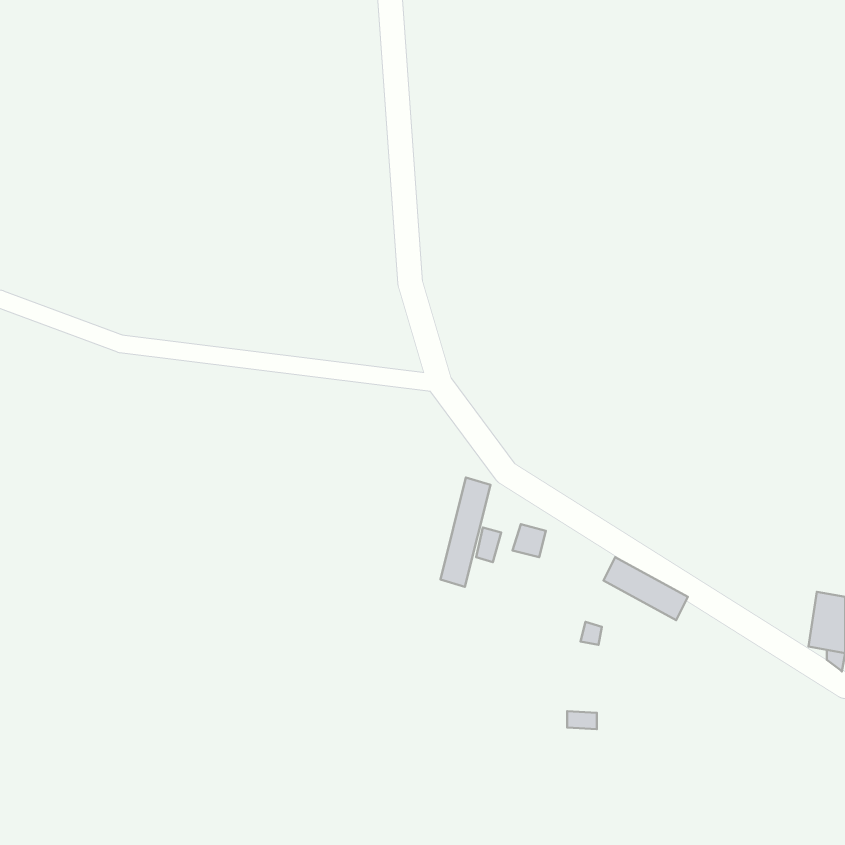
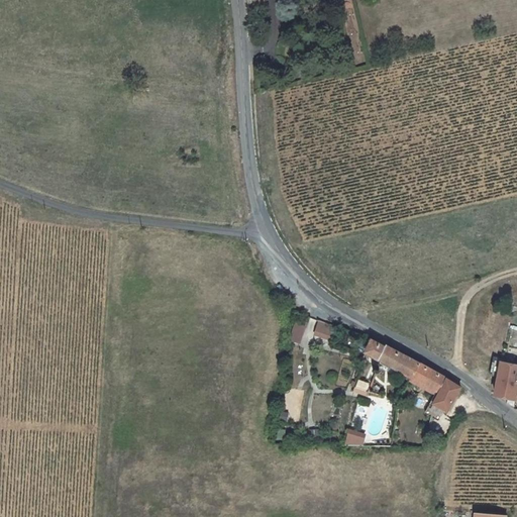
building: [441,478,490,587] -> none
building: none -> [413,365,462,412]

